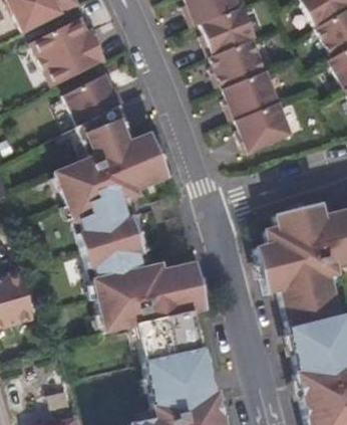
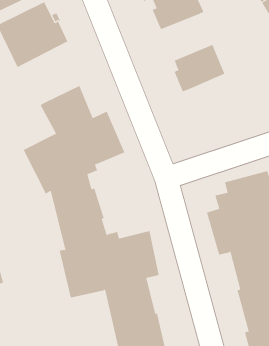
building: [204,32,259,83] -> none
building: [64,75,124,127] -> none
building: [231,95,286,146] -> none

